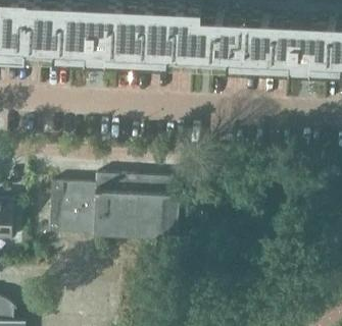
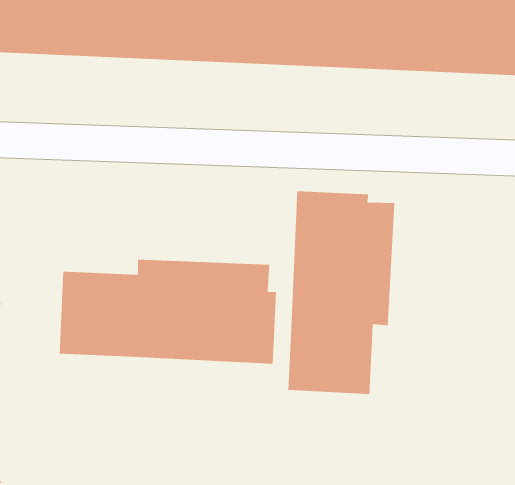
building: none -> [287,190,395,395]

